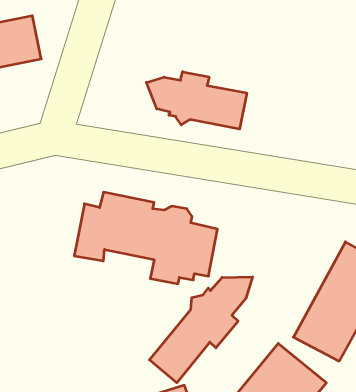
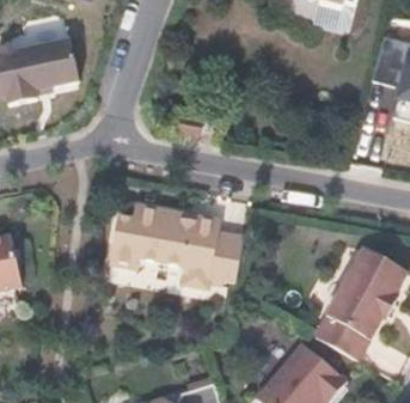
building: [146,72,247,129] -> none
building: [149,277,253,383] -> none

